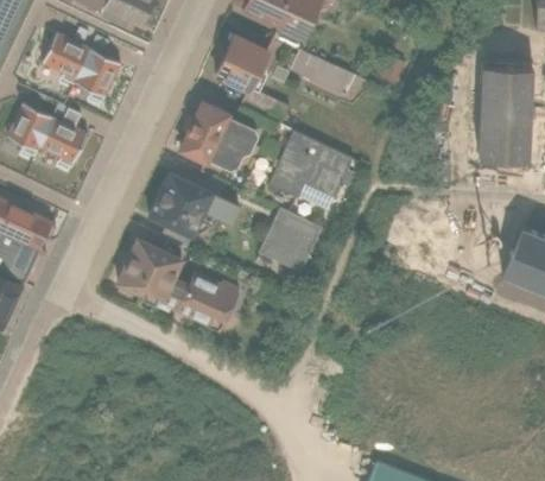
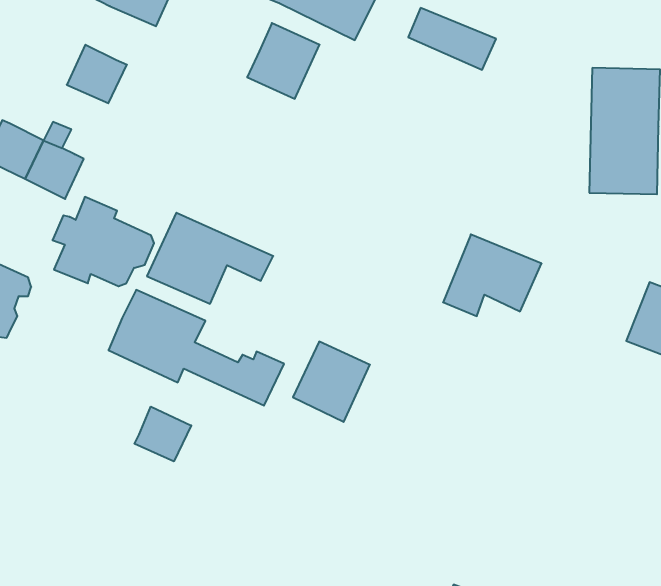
building: [45,31,91,76] -> none
building: [291,46,359,94] -> [408,8,496,70]
building: [170,101,248,170] -> [52,197,154,286]
building: [277,139,353,202] -> [443,234,542,316]
building: [264,213,323,274] -> [293,342,370,422]
building: none -> [134,407,191,461]

